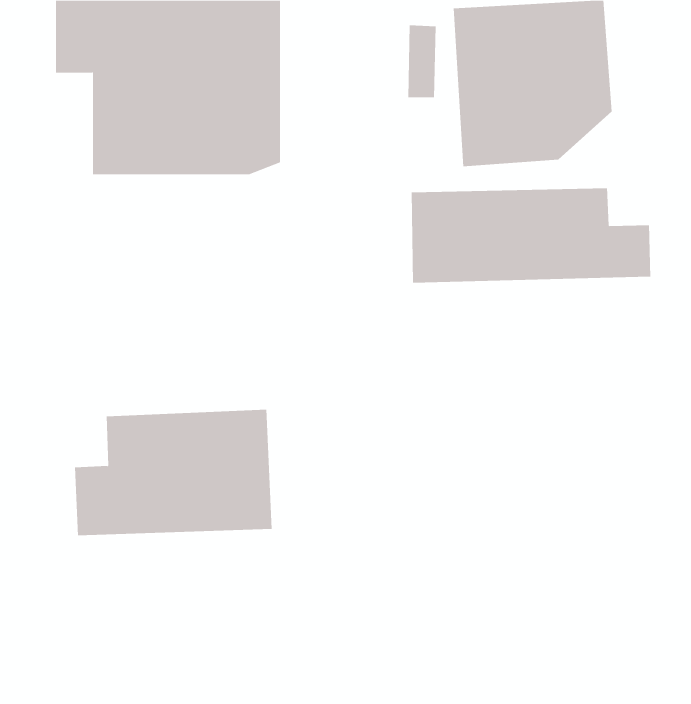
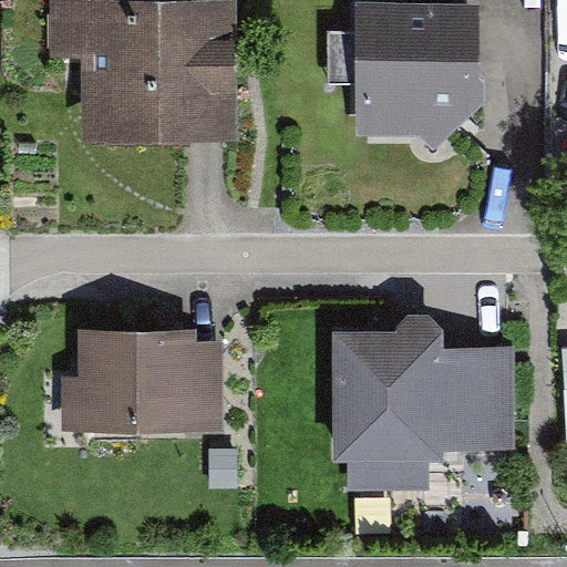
building: [411,187,651,284] -> none
building: none -> [344,310,509,484]

